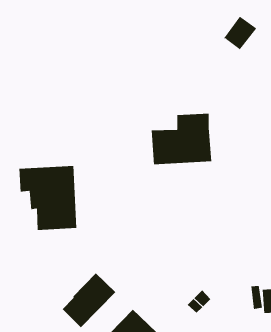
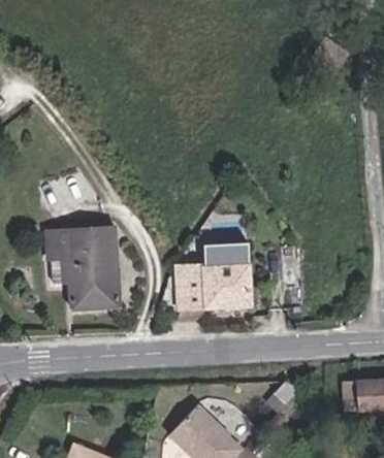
building: [151,113,212,165] -> [172,241,251,307]
building: [62,273,116,328] -> none

